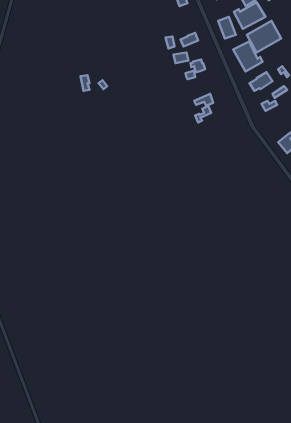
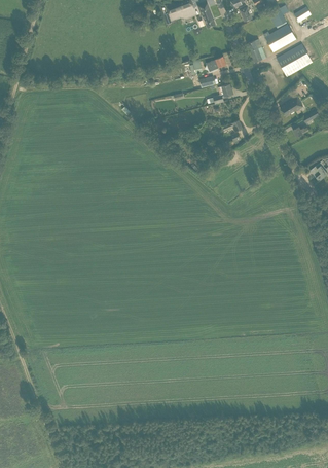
building: [233,42,263,71] -> none

